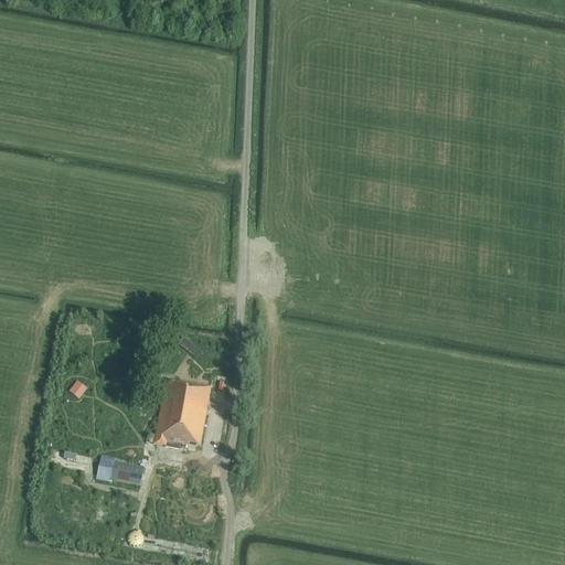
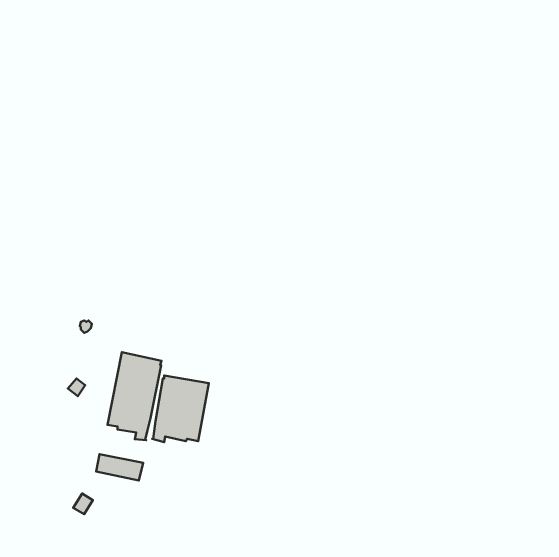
building: none -> [108,352,162,440]

